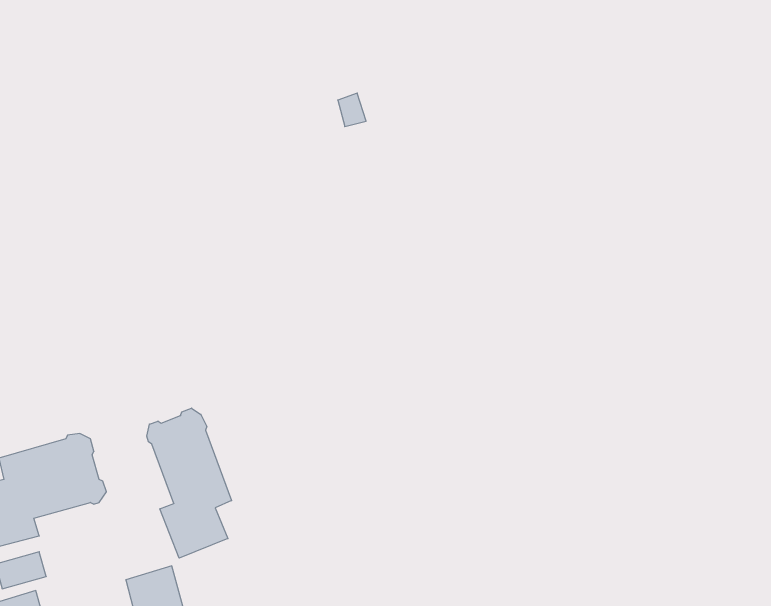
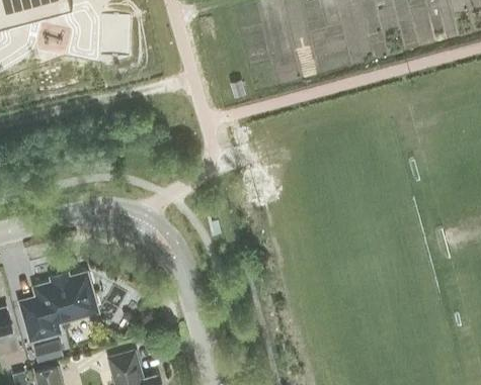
building: [147,408,232,558] -> none

